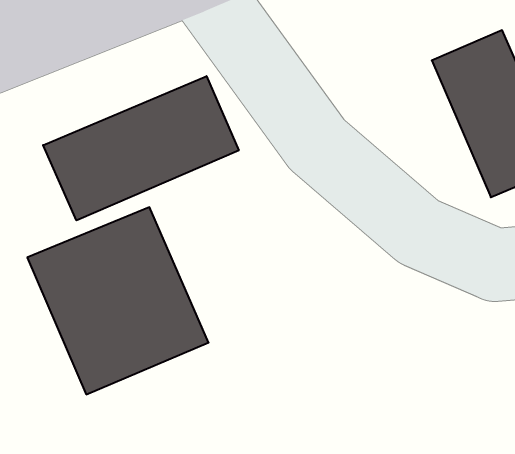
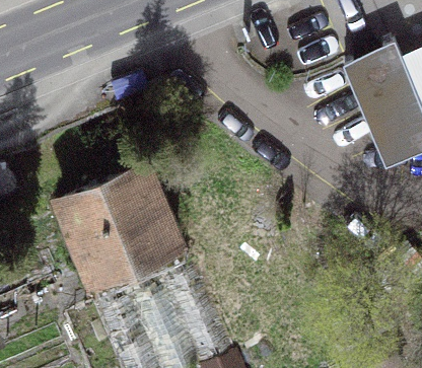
building: [43,76,239,220] -> none

